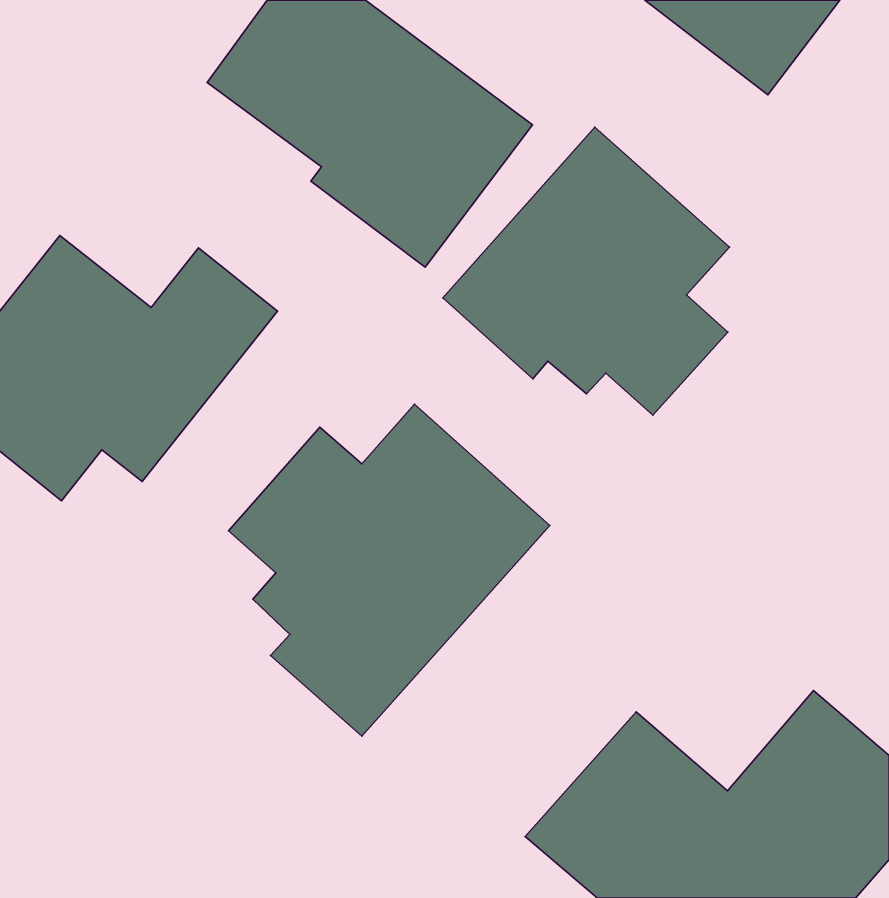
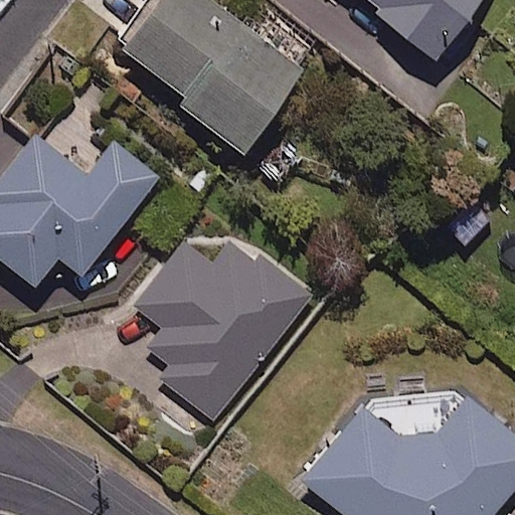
building: [443,127,730,415] -> none

